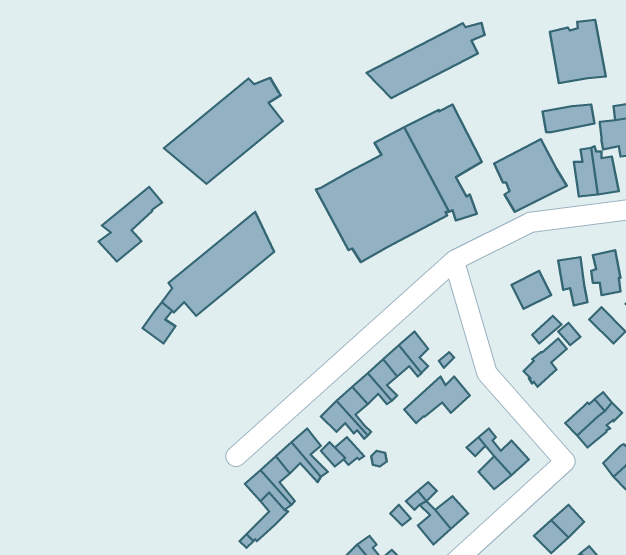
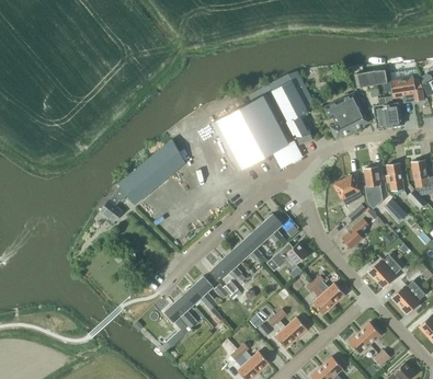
building: [550,20,606,83] -> none
building: [367,23,485,98] -> none
building: [164,78,283,184] -> none
building: [99,187,162,261] -> none

